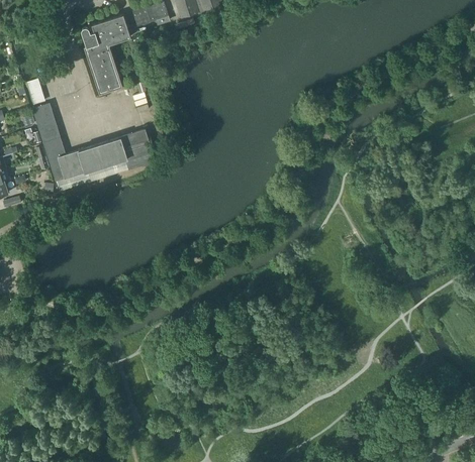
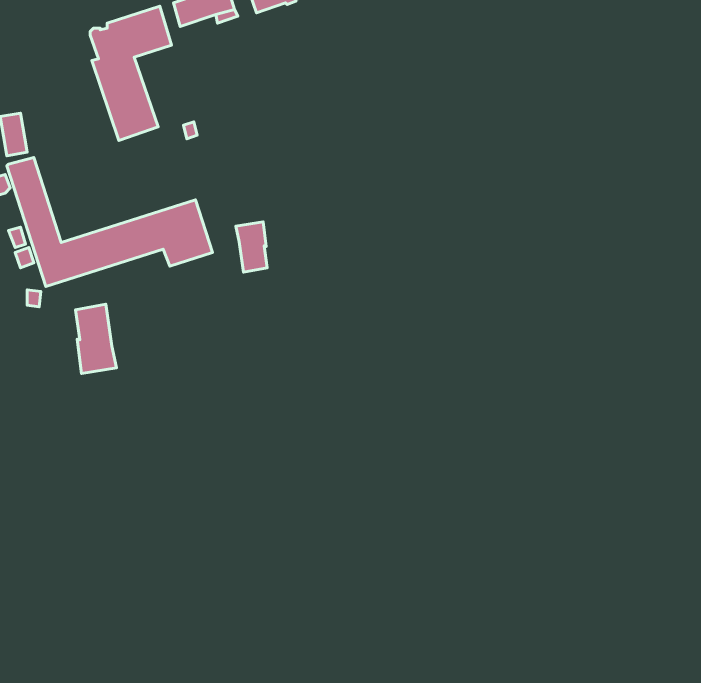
building: none -> [236,222,267,272]
building: none -> [76,304,116,374]

